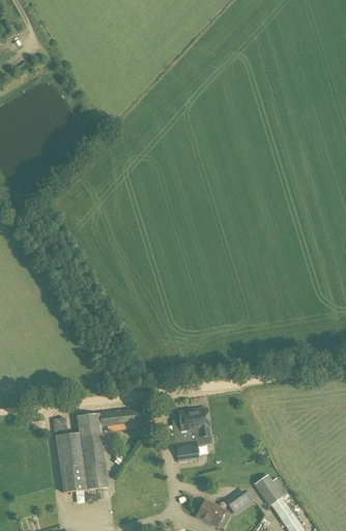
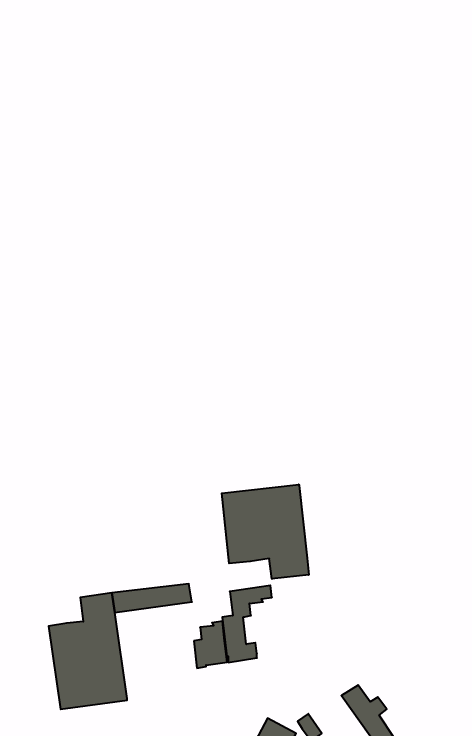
building: none -> [222,484,309,579]
building: [188,415,210,447] -> [194,621,227,668]

